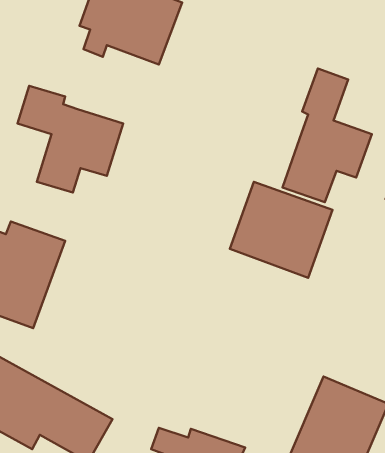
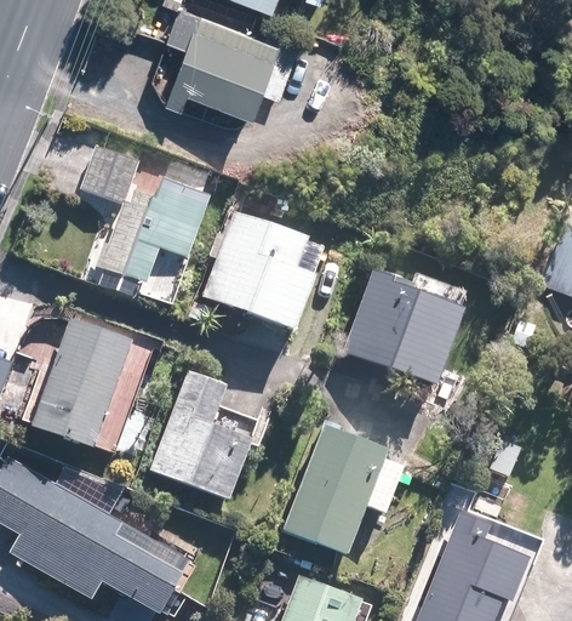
building: [283,69,372,202] -> none
building: none -> [201,206,324,332]
building: none -> [150,371,253,501]
building: none -> [281,433,407,562]

